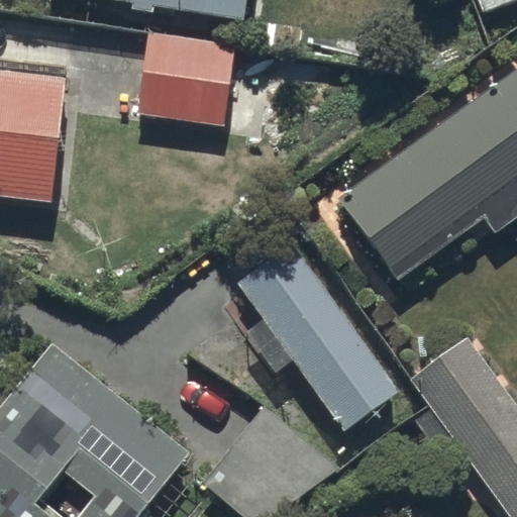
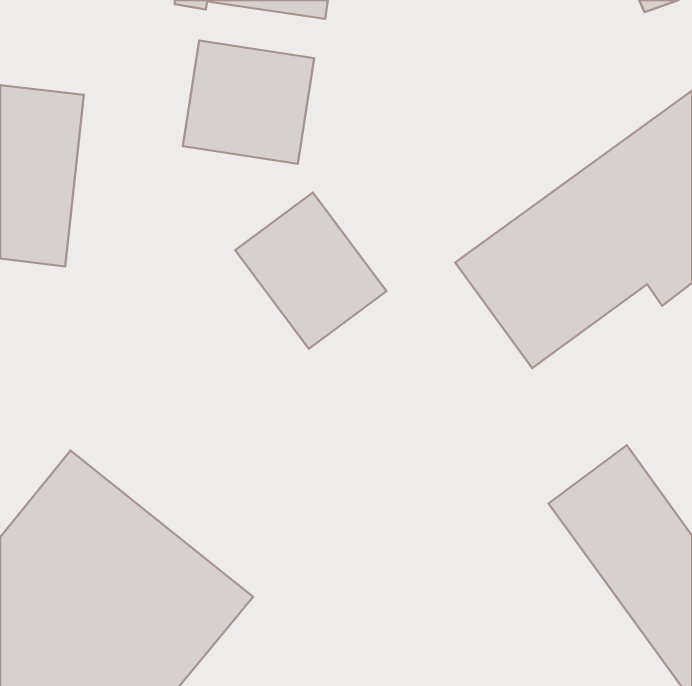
building: none -> [235,192,386,349]
building: [233,239,399,429] -> none

